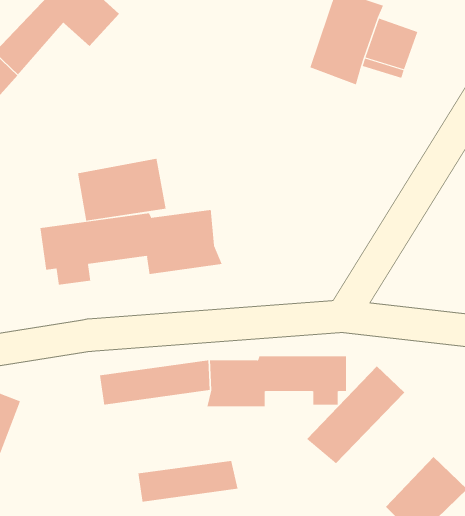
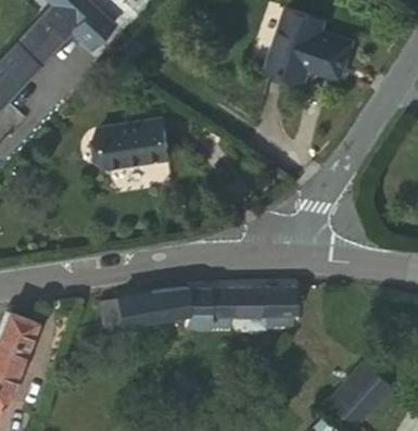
building: [40,209,222,286] -> none
building: [306,365,405,464] -> none
building: [138,460,238,502] -> none

